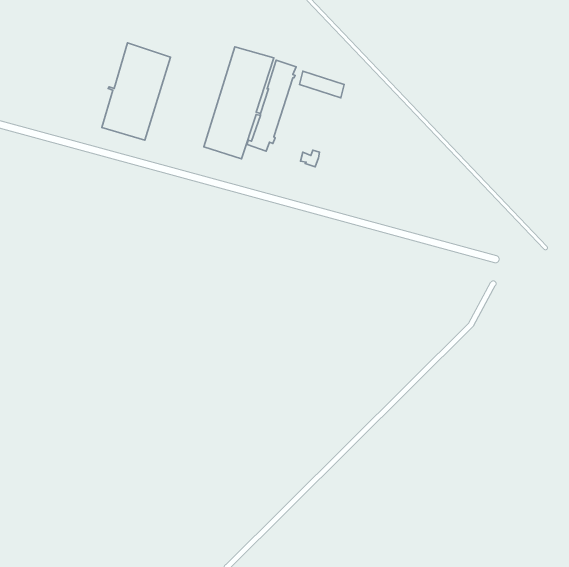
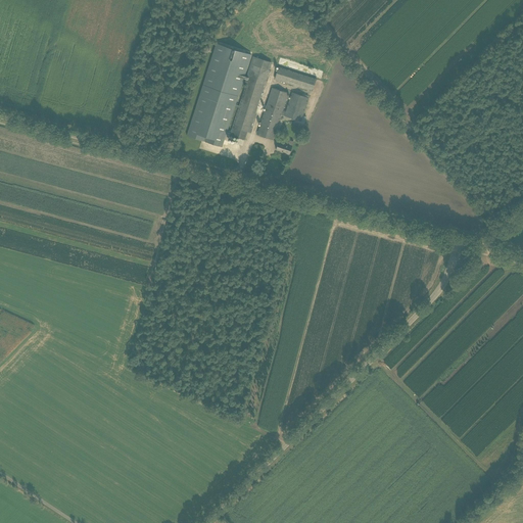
building: [102,43,171,140] -> none
building: none -> [256,86,308,139]

